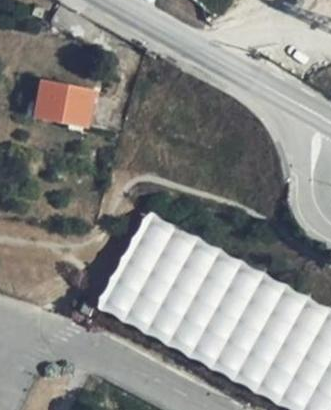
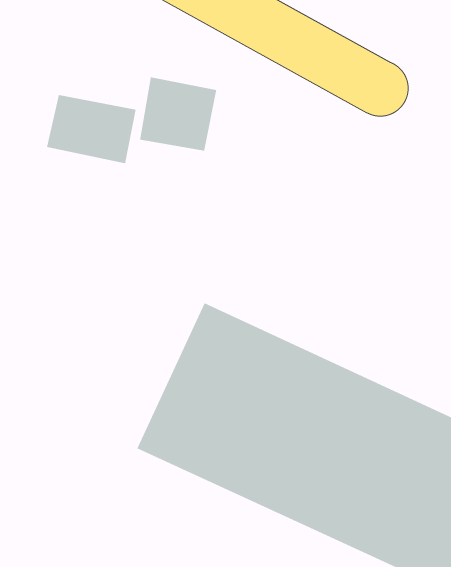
building: none -> [139,77,217,152]

